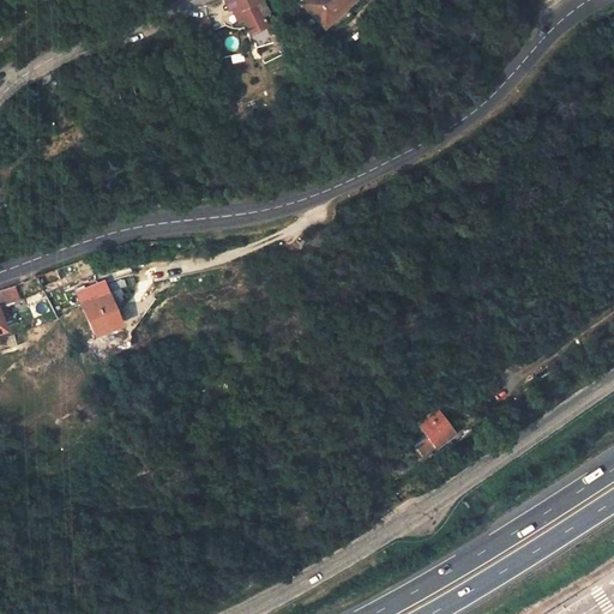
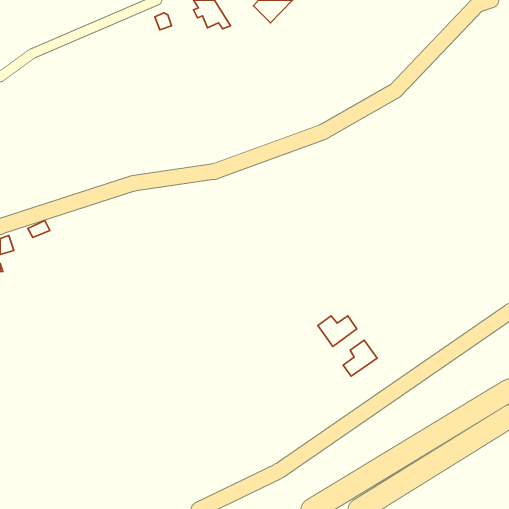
building: [76,279,121,333] -> none
building: none -> [318,316,357,347]

